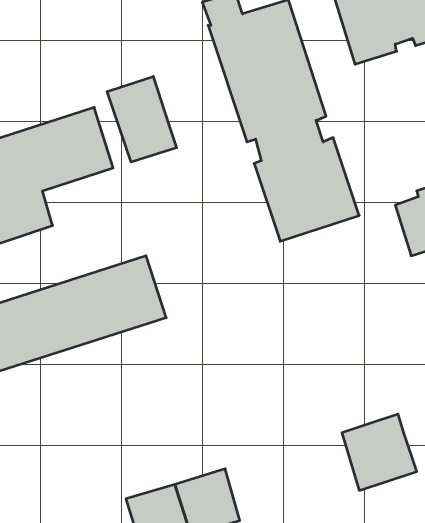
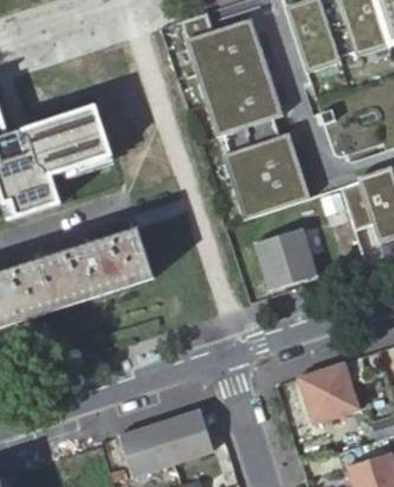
building: [107,76,177,162] -> none
building: none -> [252,227,314,291]

